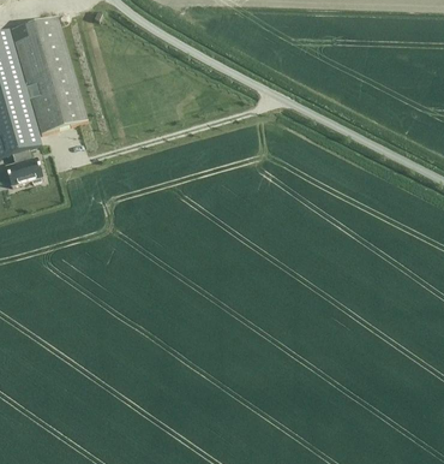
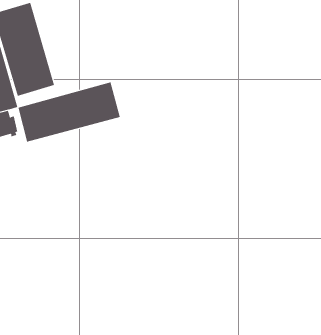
building: none -> [18,82,120,142]

